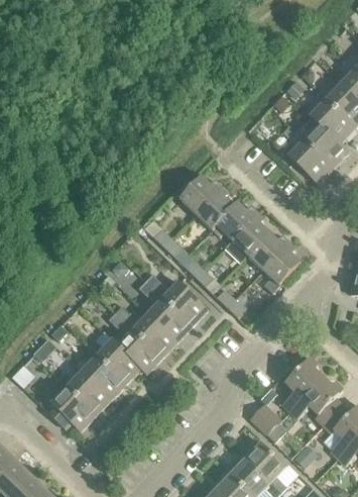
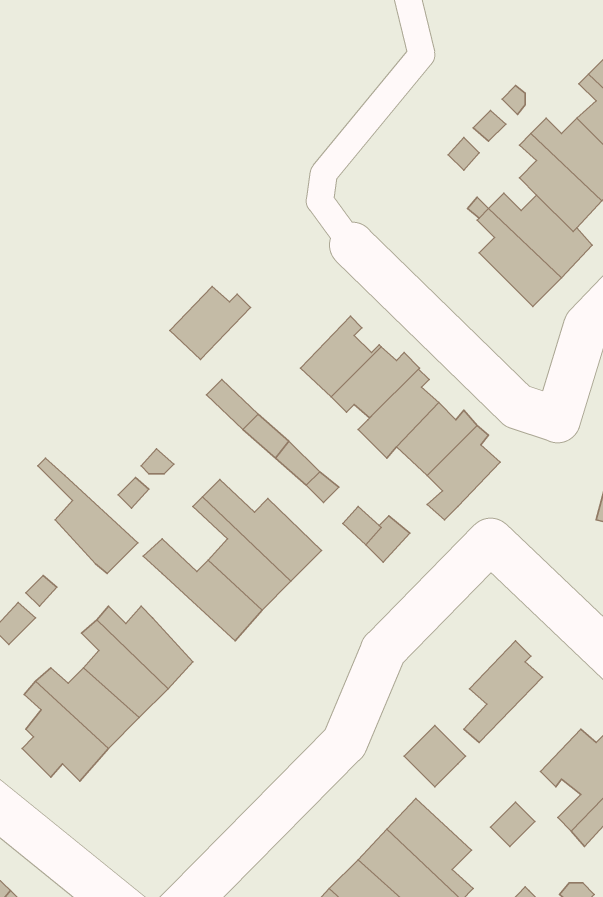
building: [180,177,222,215] -> [170,286,250,359]
building: [109,314,161,375] -> [38,458,138,573]
building: [289,378,343,427] -> none

